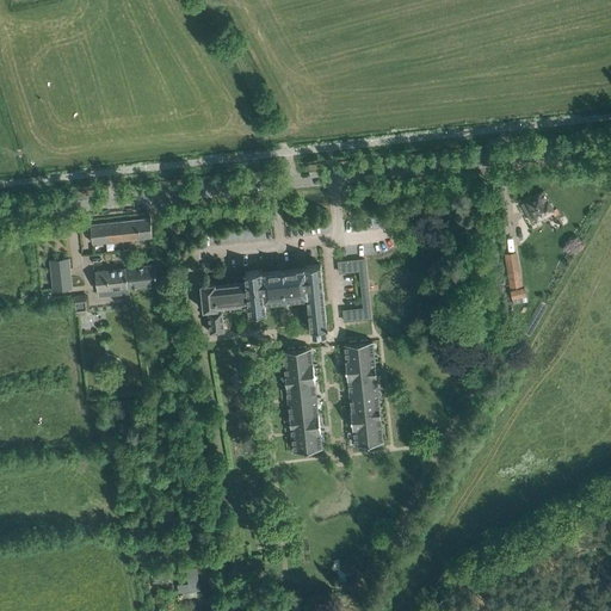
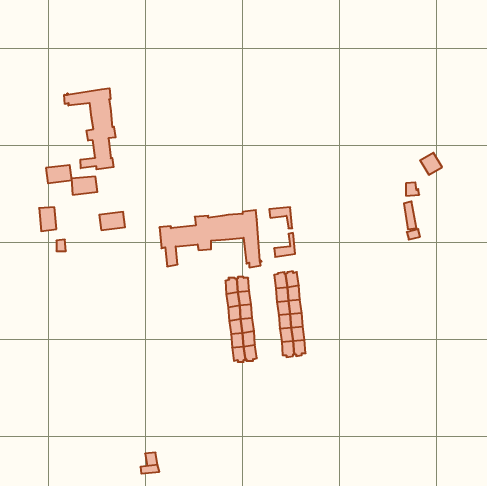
building: none -> [64,88,116,169]
building: [119,220,152,242] -> [46,165,72,183]
building: [94,271,126,292] -> none

